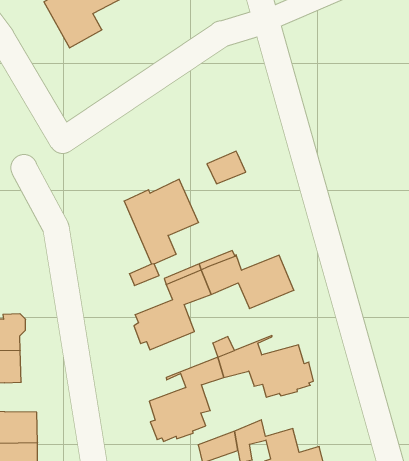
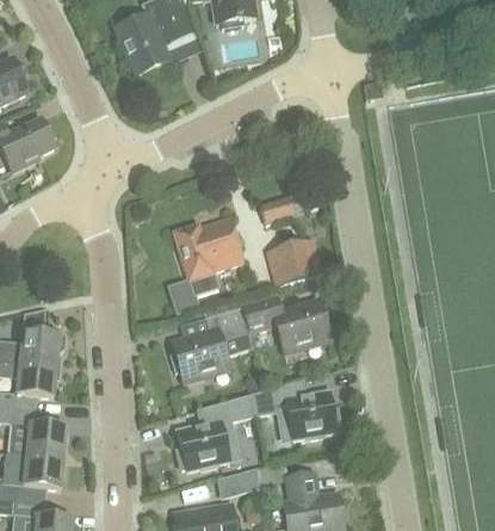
building: none -> [264,236,321,288]

